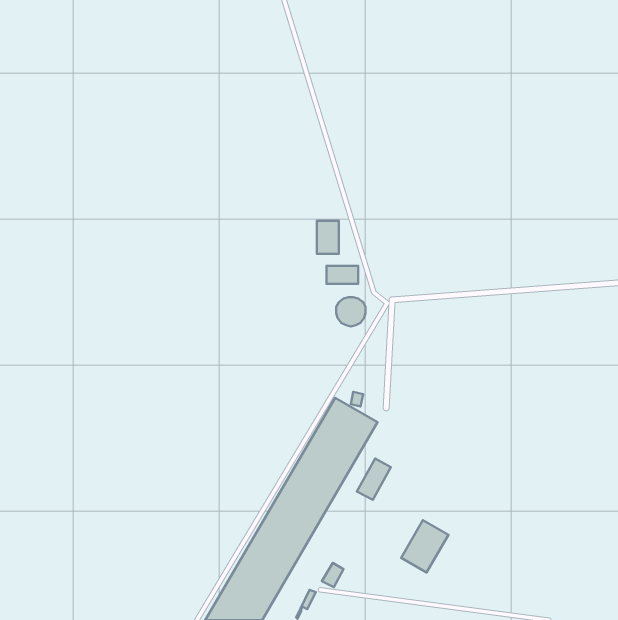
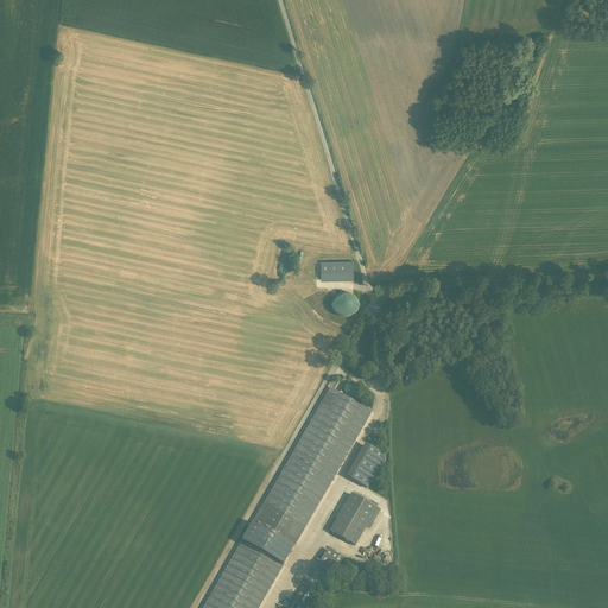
building: [317,221,339,254] -> none
building: [401,520,448,572] -> [328,496,374,547]

